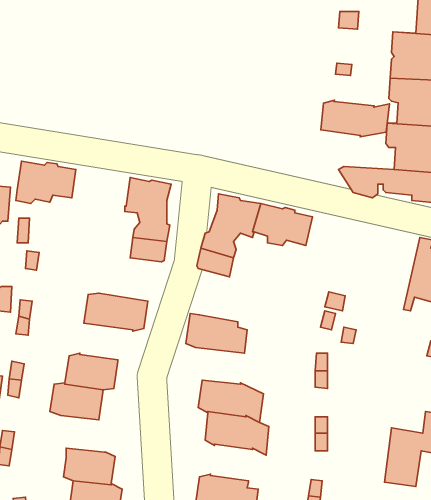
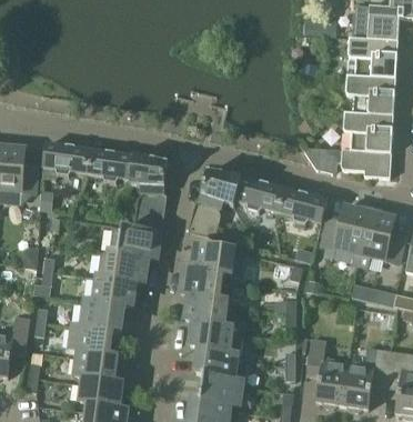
building: [321,100,389,137] -> none
building: none -> [87,150,134,183]
building: none -> [278,189,328,224]
building: none -> [322,203,371,264]
building: none -> [109,227,160,258]
building: none -> [191,244,243,279]
building: none -> [93,275,137,307]
building: none -> [184,295,228,325]
building: none -> [306,339,347,405]
building: none -> [74,351,117,385]
building: none -> [200,374,243,405]

